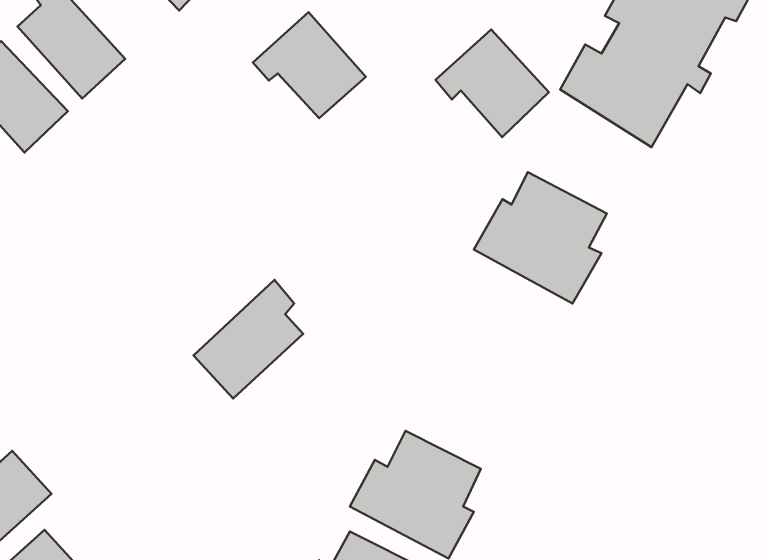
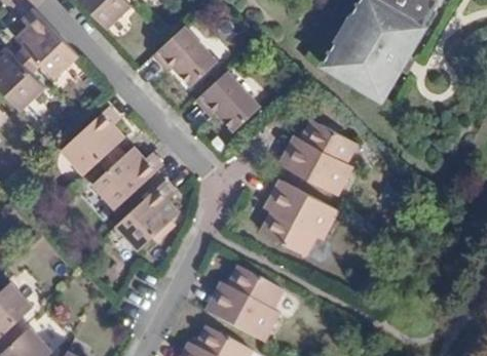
building: [436,29,549,137] -> [191,74,256,135]
building: none -> [62,107,125,173]
building: none -> [91,146,162,208]
building: none -> [257,181,334,256]

